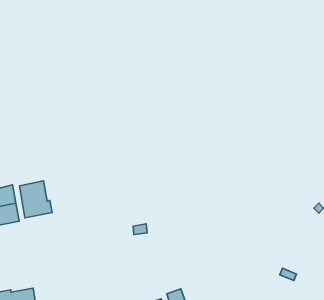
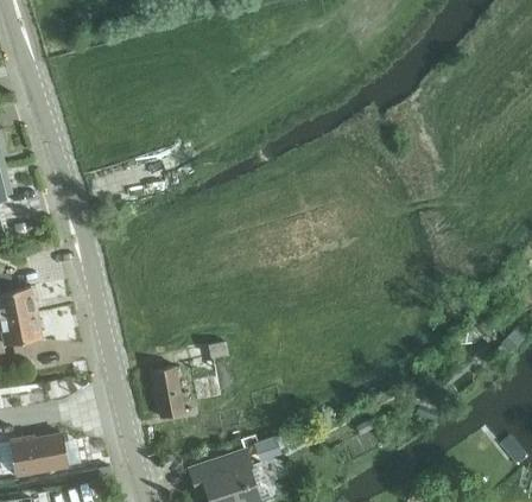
building: [19,181,52,218] -> none
building: none -> [151,367,188,418]

